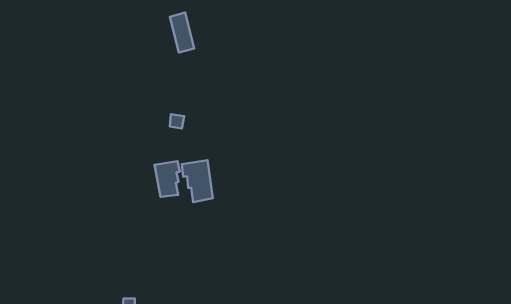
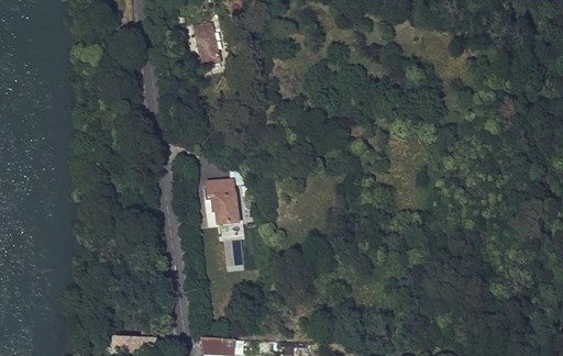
building: [154,161,180,197] -> none

